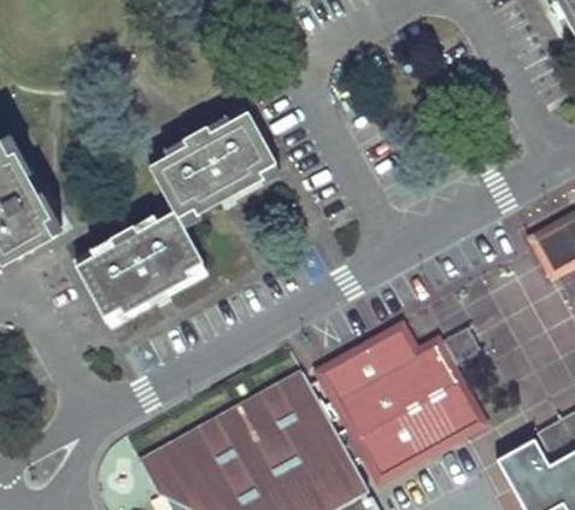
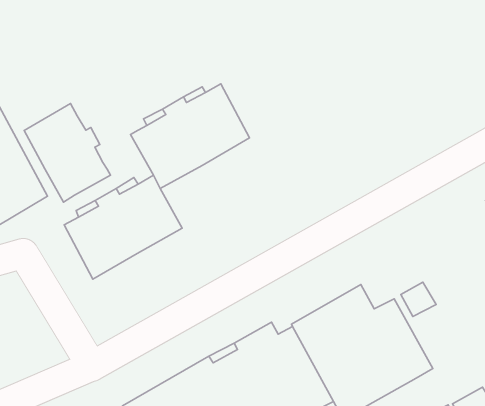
building: none -> [24,103,111,202]

